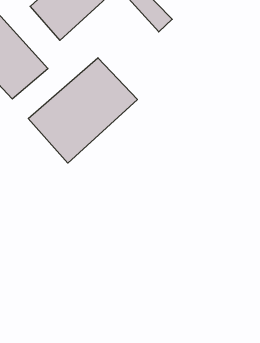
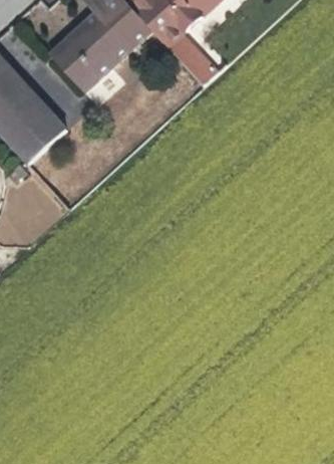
building: [28,58,137,163] -> none

